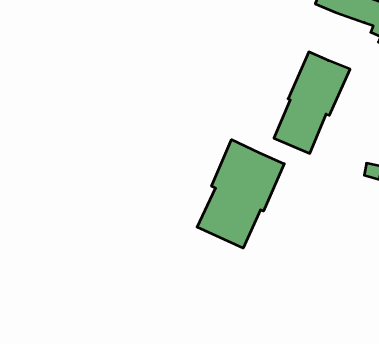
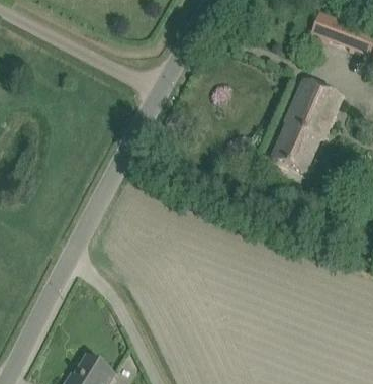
building: [197,140,284,248] -> none

